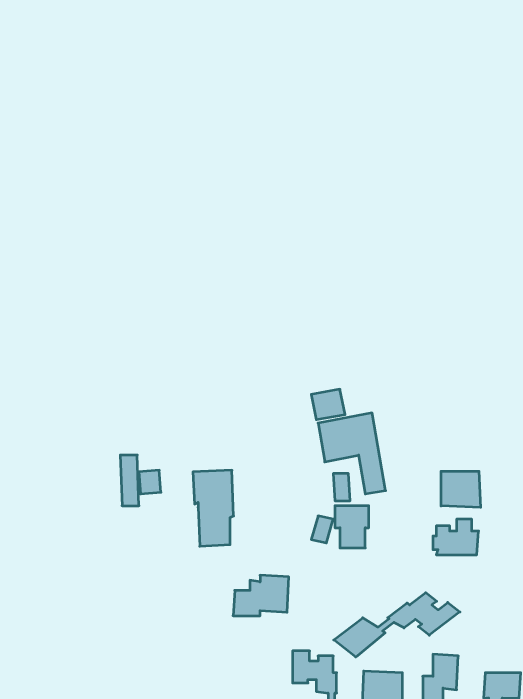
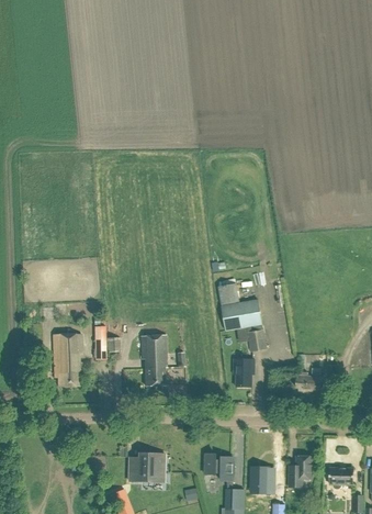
building: none -> [53,335,81,387]
building: [441,471,481,507] -> none
building: [233,575,289,616] -> [127,452,164,479]
building: [334,593,460,657] -> none

